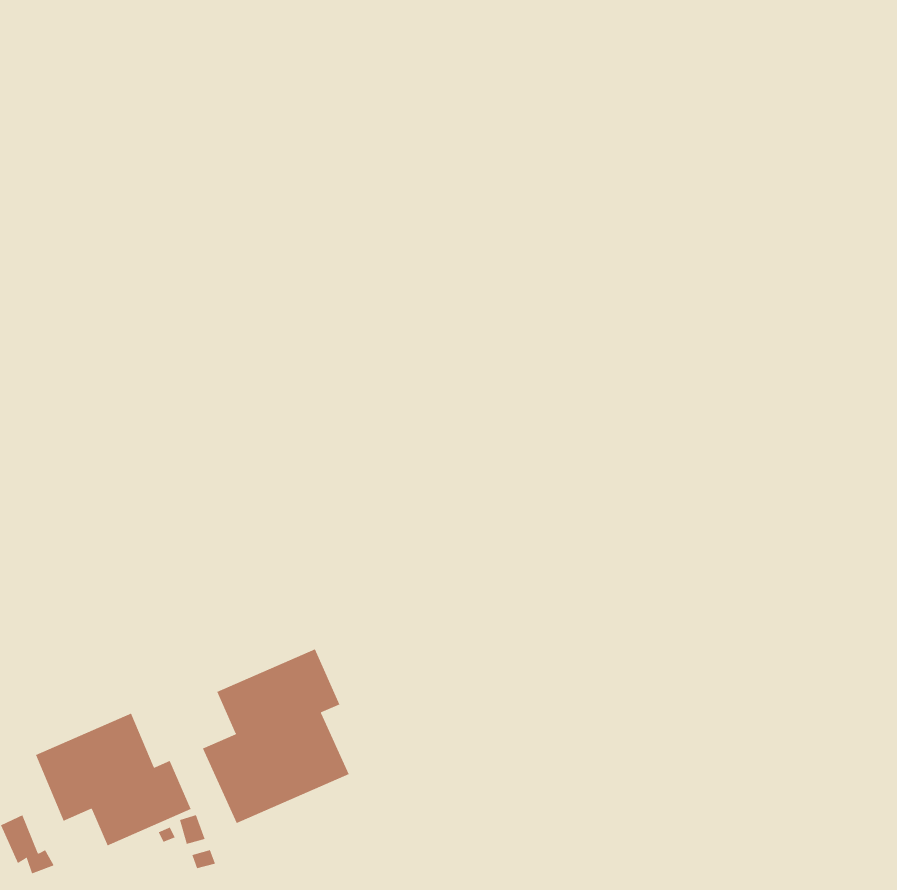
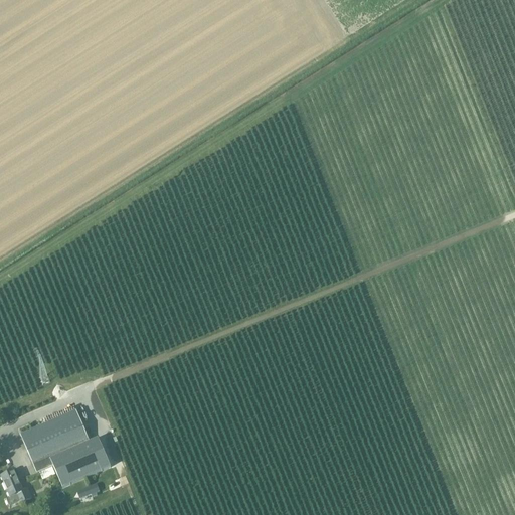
building: [202,649,350,824] -> none

